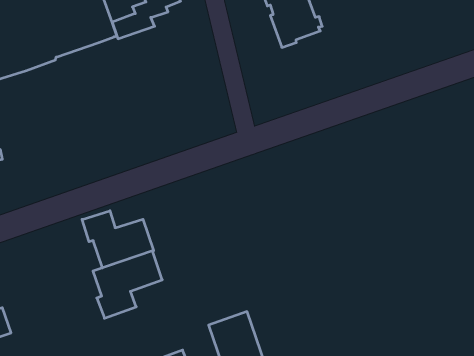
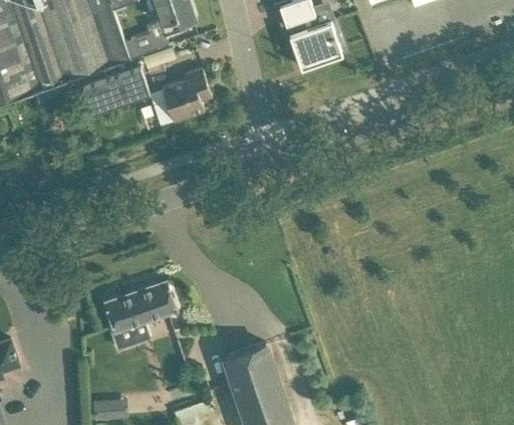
building: none -> [82,67,148,114]
building: none -> [152,69,211,127]
building: [82,211,154,268] -> none

